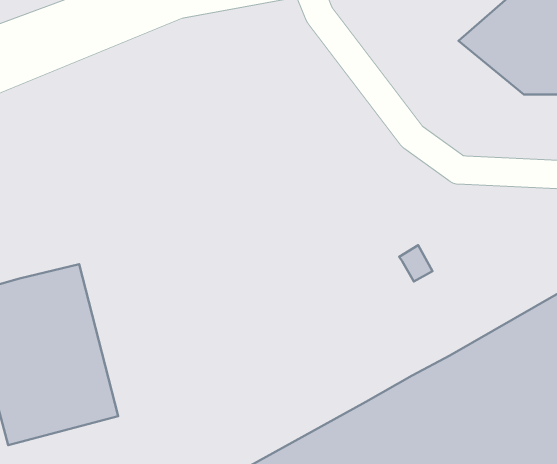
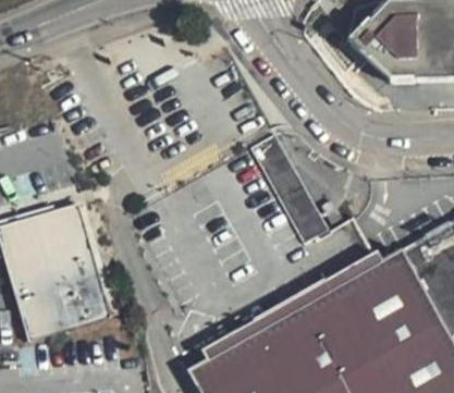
building: none -> [253,133,329,243]

